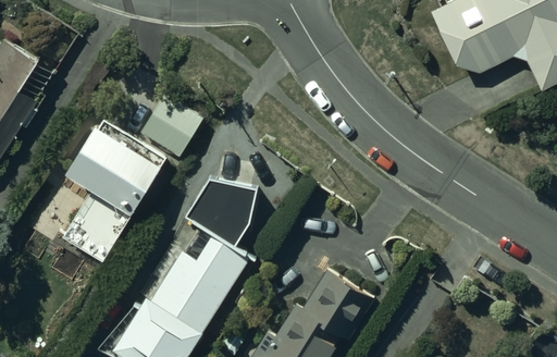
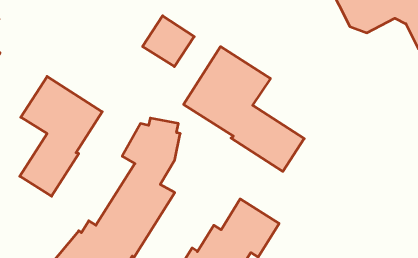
building: none -> [184,47,304,171]
building: [141,95,203,156] -> [143,16,194,67]

